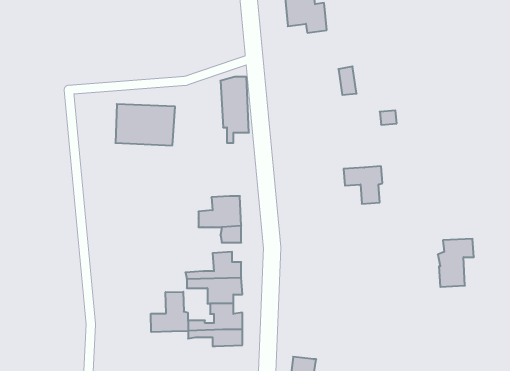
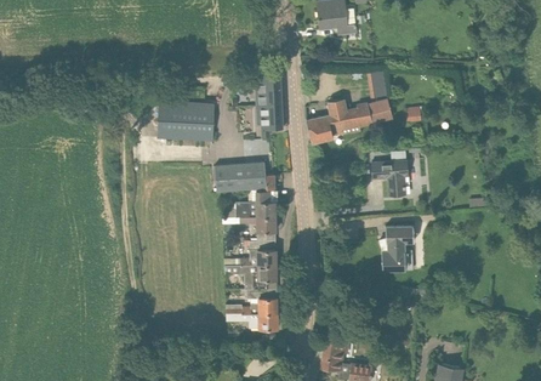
building: none -> [306,98,392,143]
building: none -> [215,163,274,192]
building: [438,239,474,287] -> [380,226,414,271]
building: [151,292,188,332] -> none

